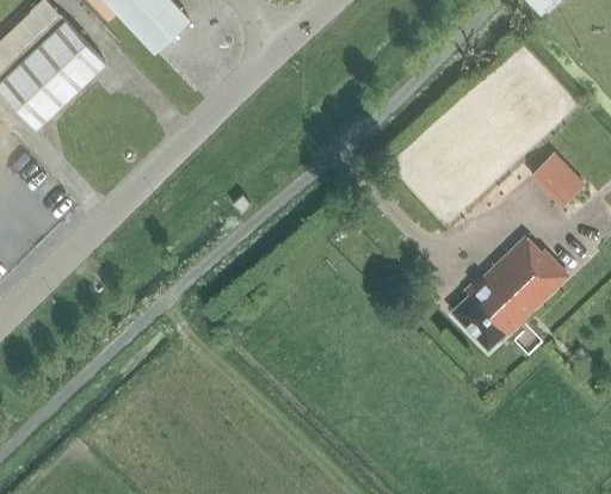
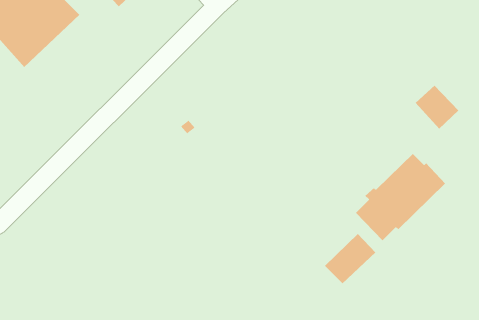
building: none -> [324,233,376,284]

